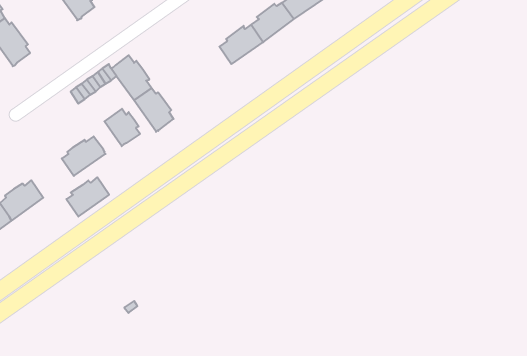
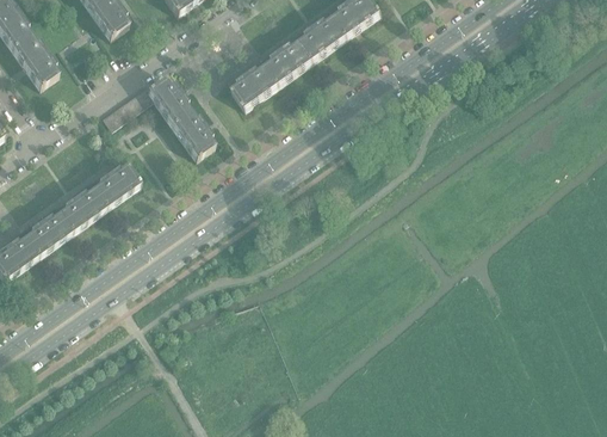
building: none -> [230,63,277,106]
building: [104,109,140,146] -> none
building: [66,177,109,217] -> [58,185,105,228]

